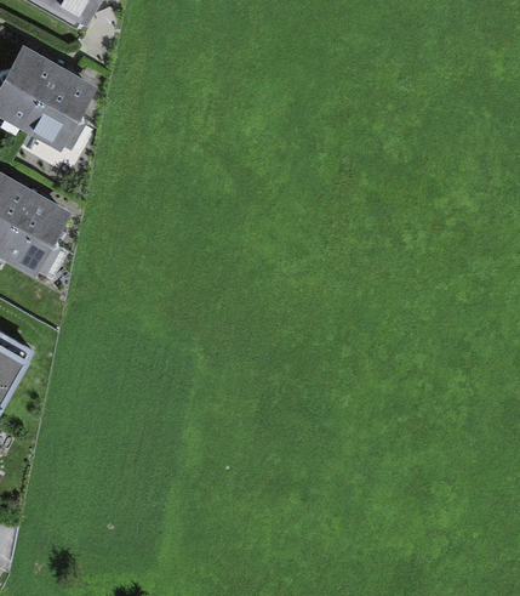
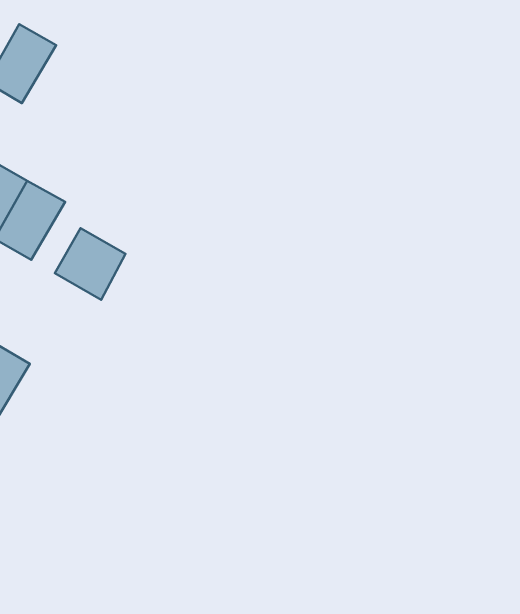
building: [25,69,91,142] -> none
building: none -> [55,228,126,300]

